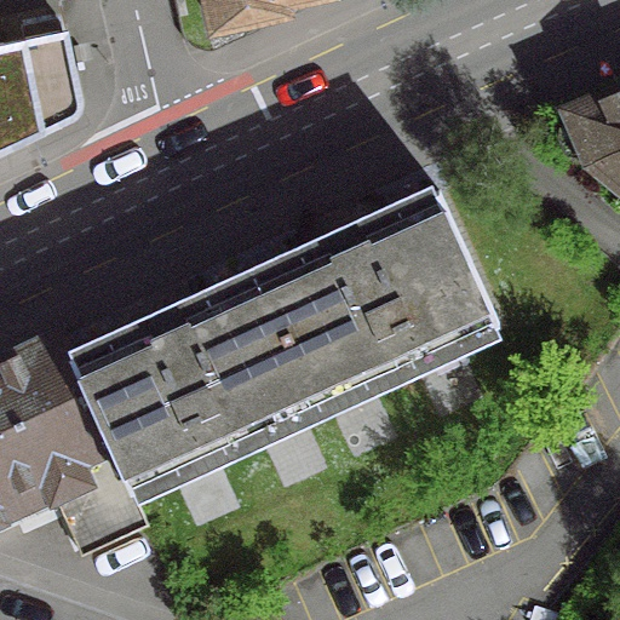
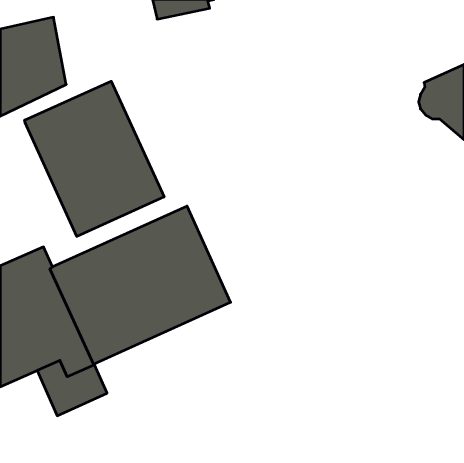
building: none -> [25,81,164,236]
building: [249,193,490,403] -> none

